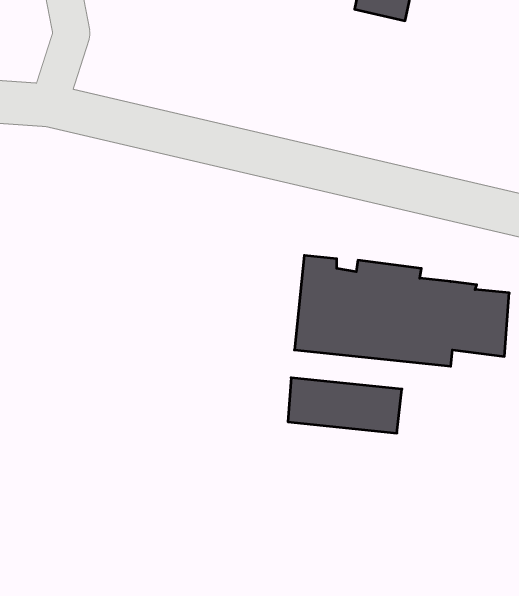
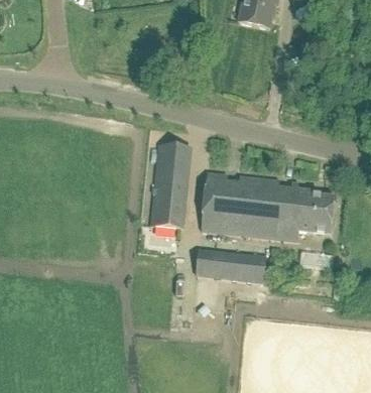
building: none -> [150,145,188,227]

